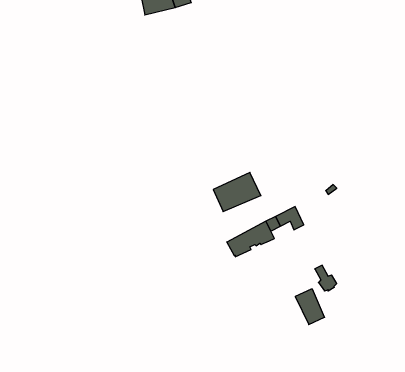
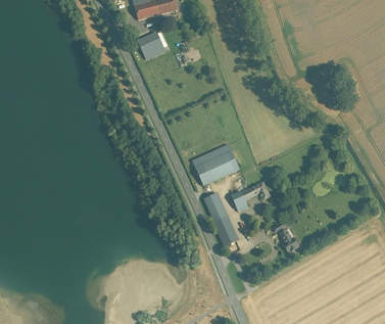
building: none -> [138,31,165,57]
building: [295,289,325,325] -> [213,215,238,244]

